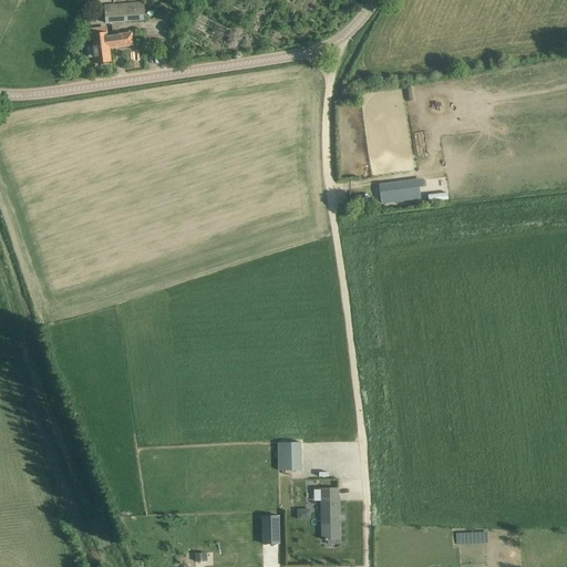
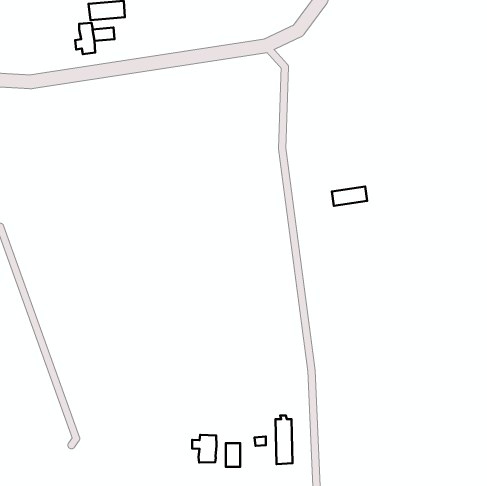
building: [379,181,420,203] -> [332,187,367,206]
building: [278,442,301,468] -> none
building: none -> [192,435,217,462]

